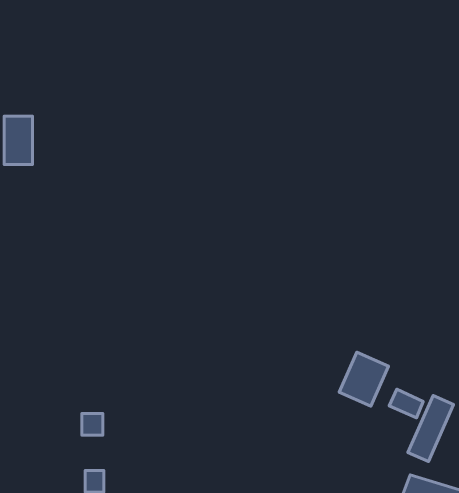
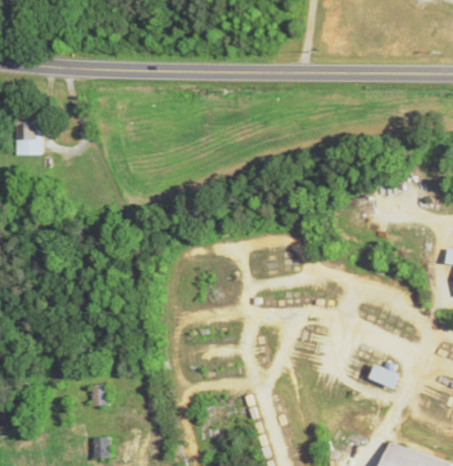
building: [339,352,389,406] -> none
building: [408,395,454,461] -> none

